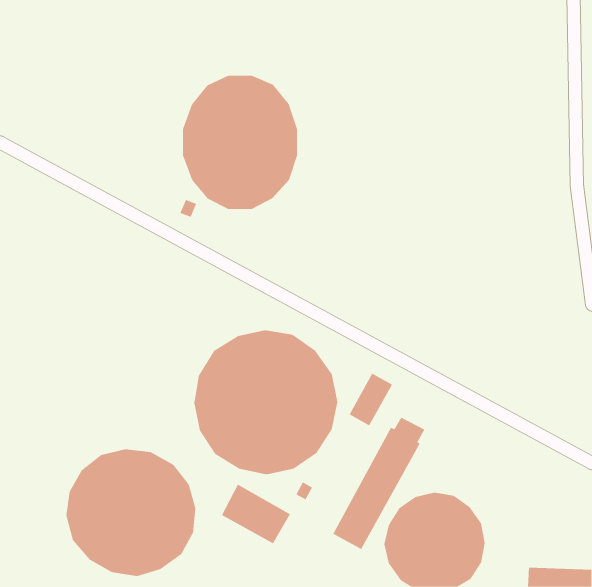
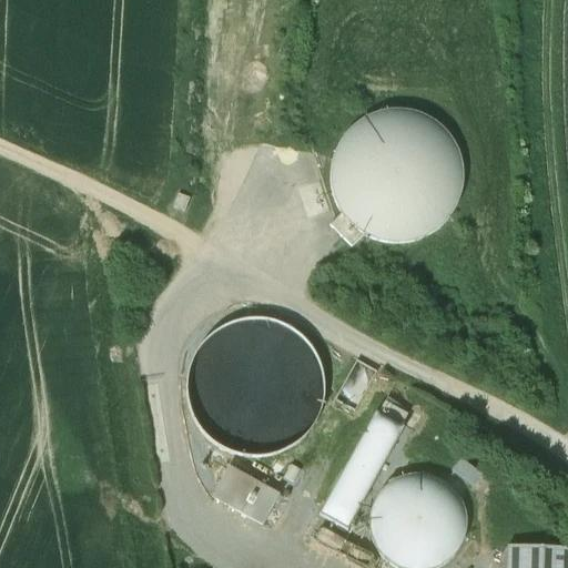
building: [182,75,298,210] -> none
building: none -> [338,112,468,241]
building: [66,449,196,577] -> none

